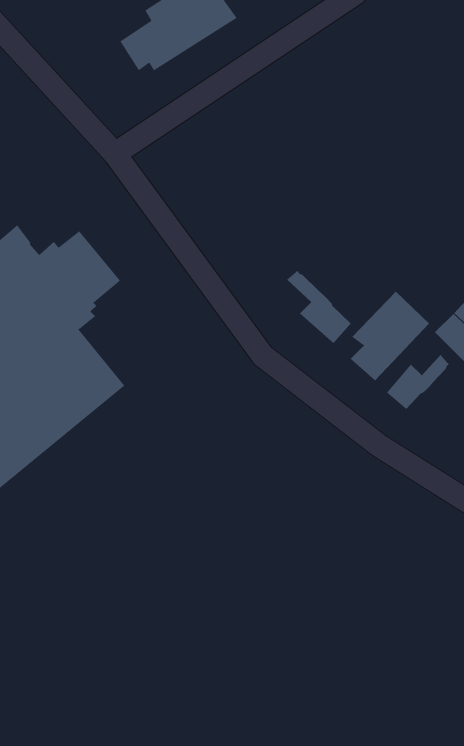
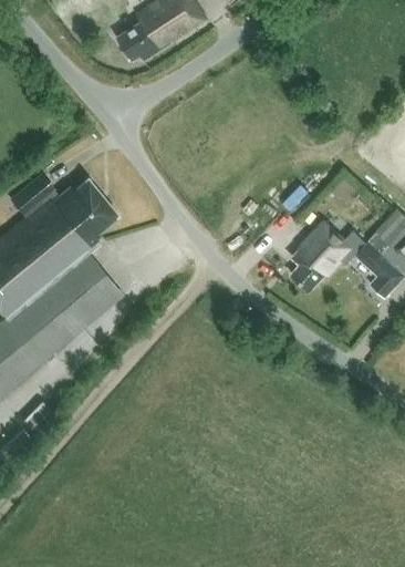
building: [286,270,352,344] -> none
building: [386,354,450,410] -> none

